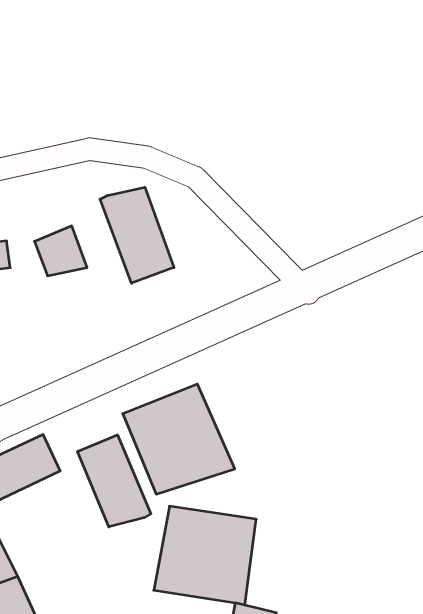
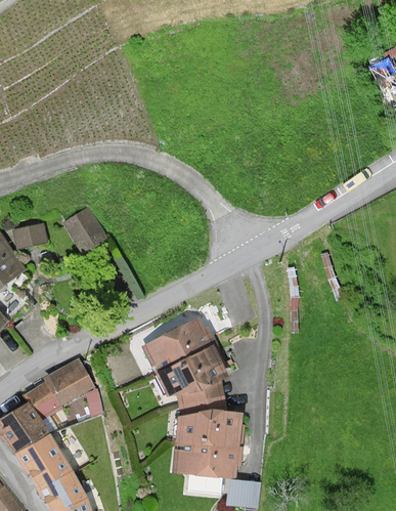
building: [100,187,174,283] -> none
building: [78,435,151,527] -> none

